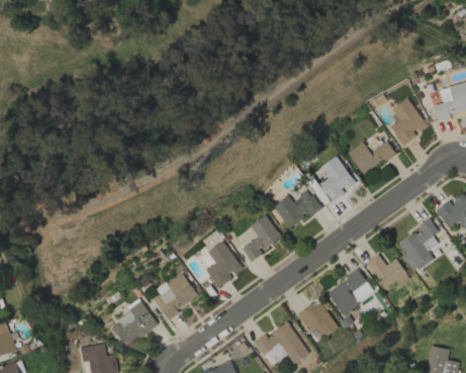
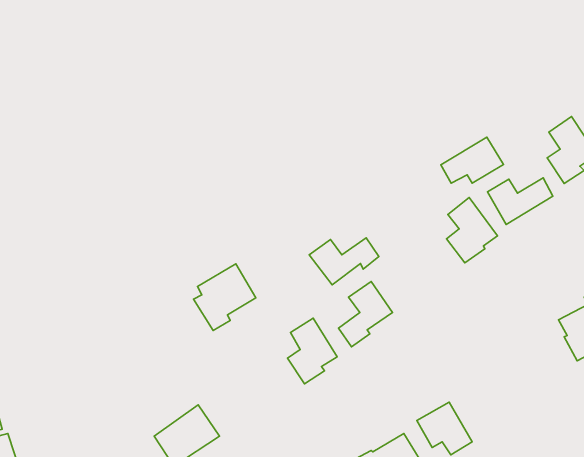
building: none -> [441,137,504,183]
building: [272,194,321,227] -> [309,238,379,285]
building: [366,254,408,288] -> none
building: [327,270,373,313] -> none
building: [153,272,197,319] -> [193,264,256,330]

